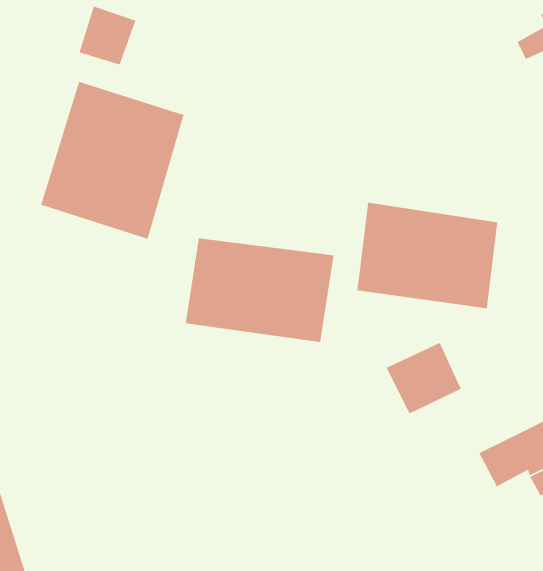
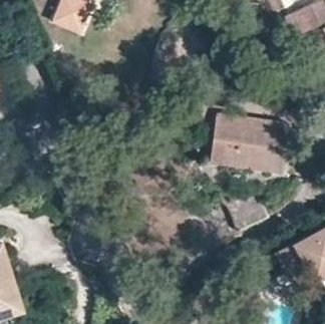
building: [40,81,184,240] -> none
building: [185,238,335,343] -> none

